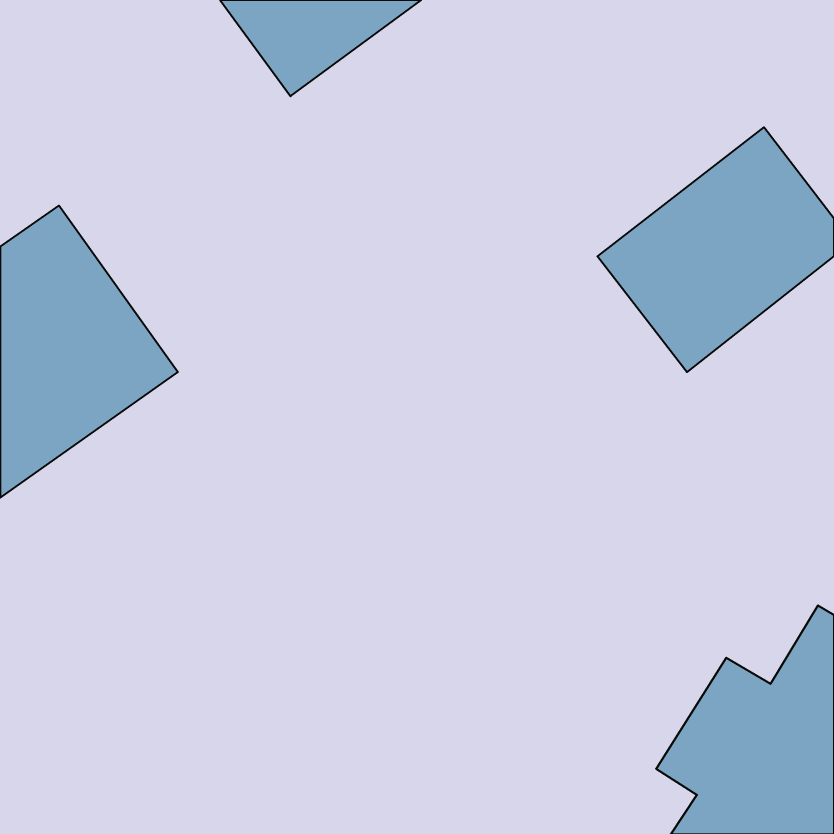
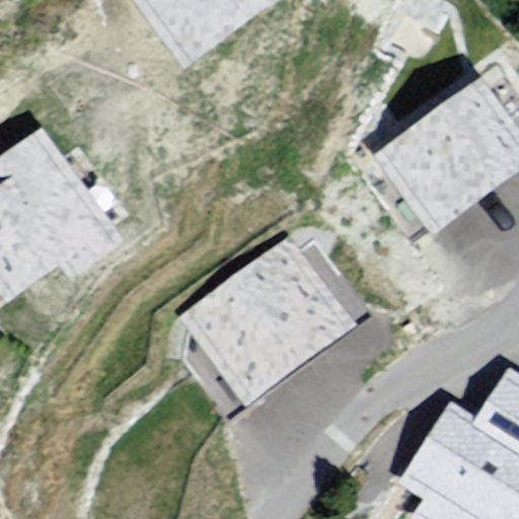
building: none -> [176,237,351,407]

